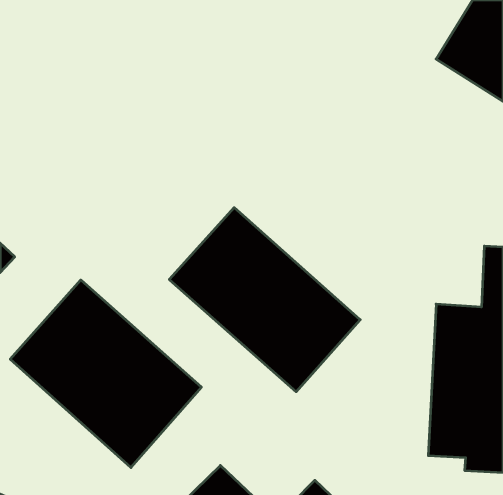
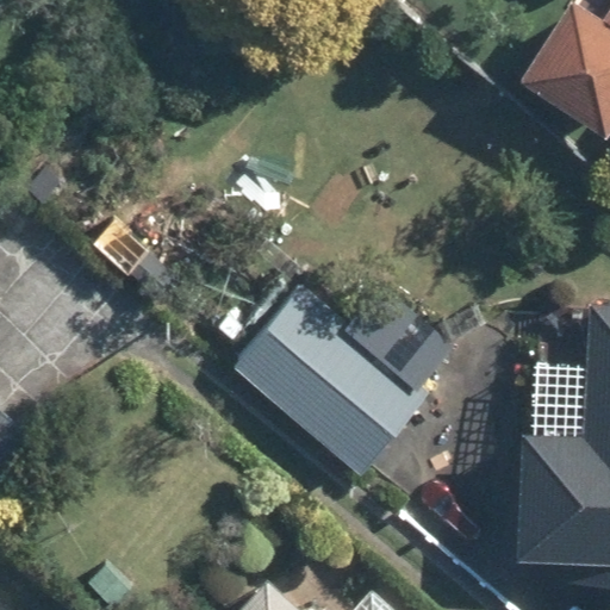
building: [10,280,201,468] -> none

